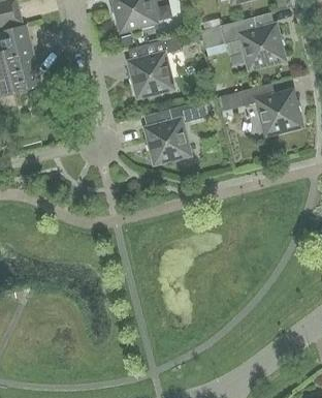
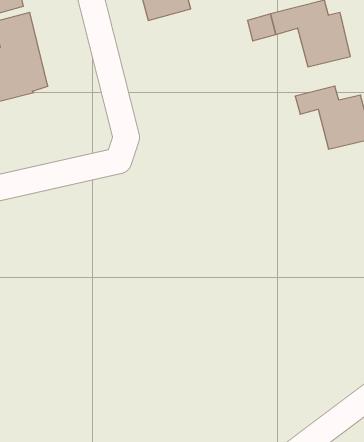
building: [128,36,181,97] -> none
building: [146,100,207,163] -> none

